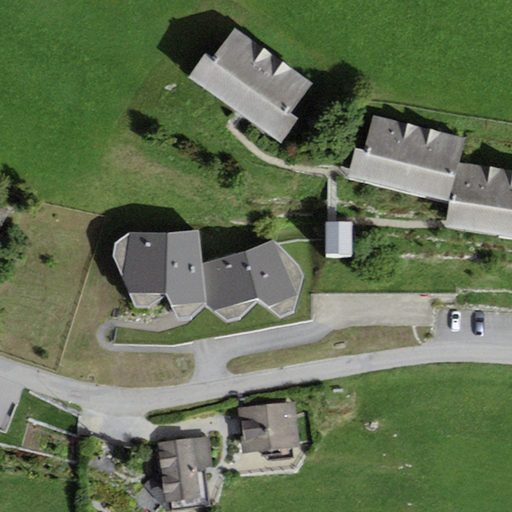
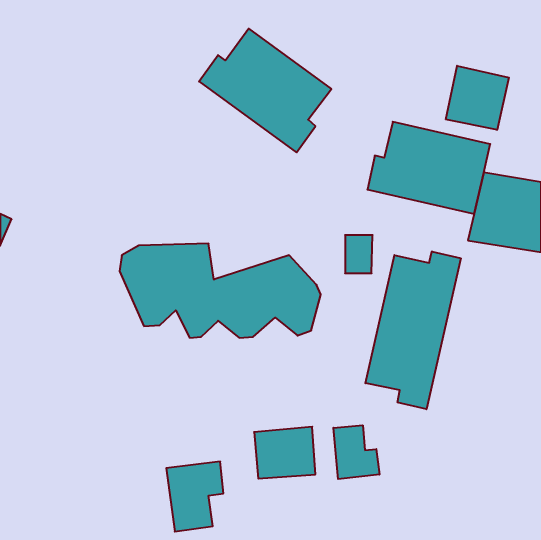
building: none -> [446,66,509,130]
building: none -> [365,251,461,409]
building: none -> [333,425,379,479]

